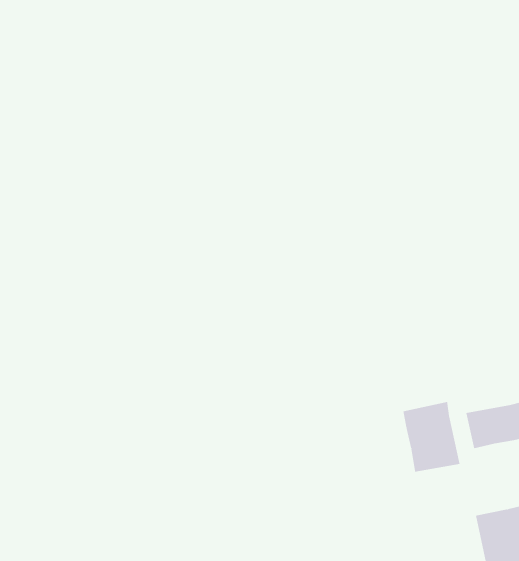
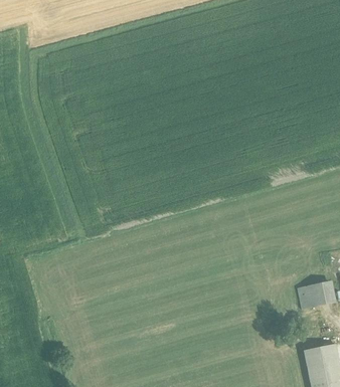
building: [403,401,460,473] -> none

